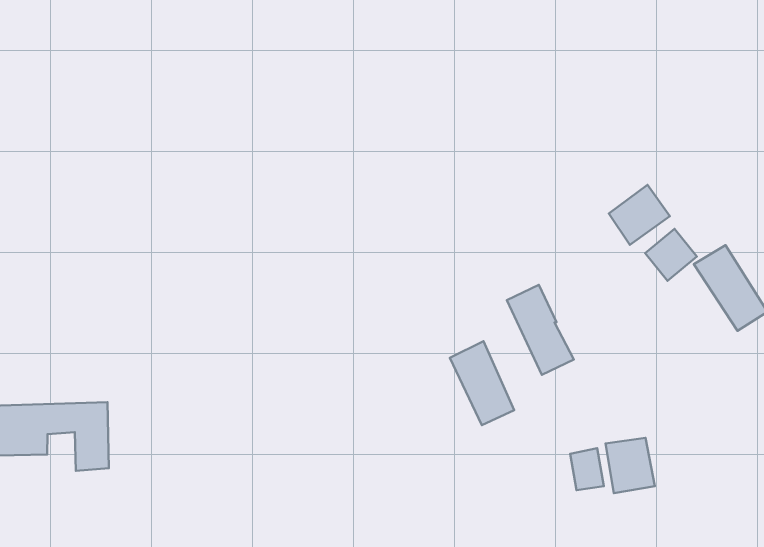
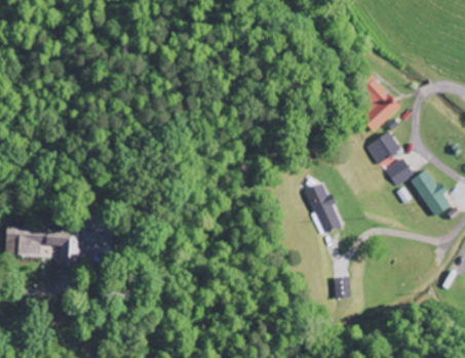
building: none -> [357,77,400,132]
building: [450,341,514,425] -> none
building: [605,438,655,493] -> none

